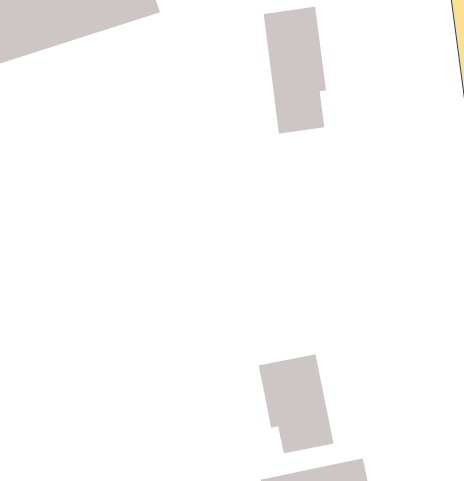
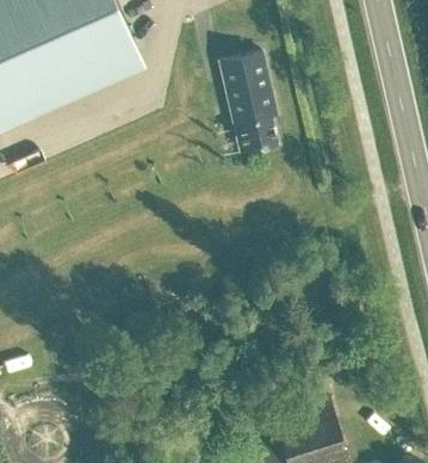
building: [258,354,334,454] -> none

